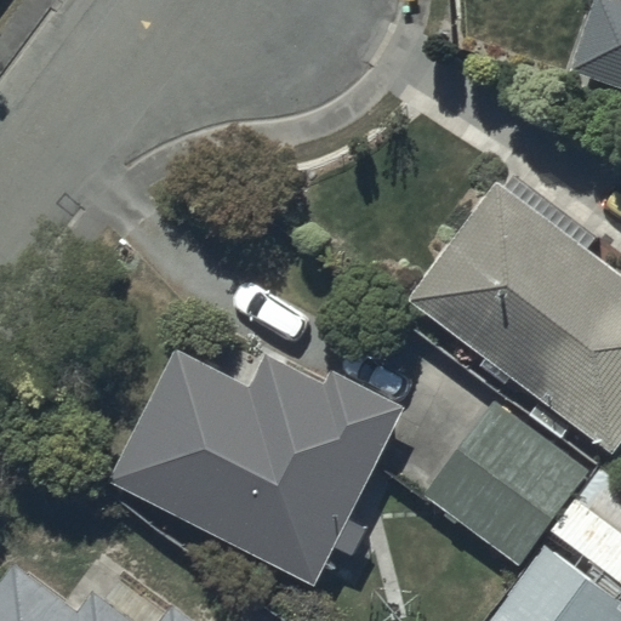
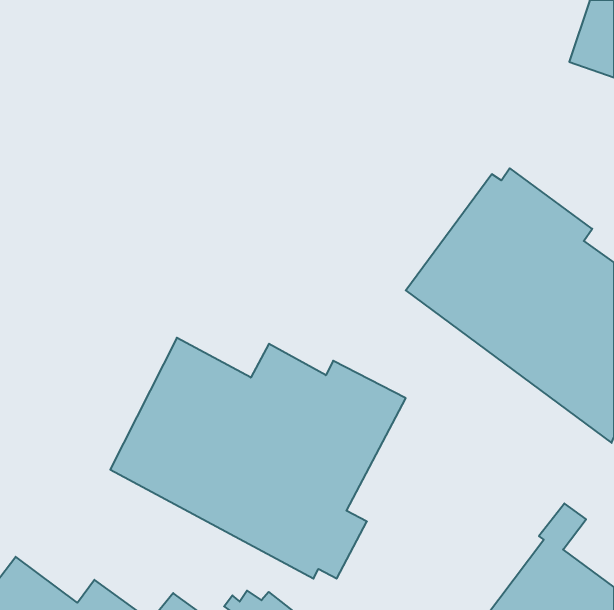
building: [427,403,587,563] -> none

